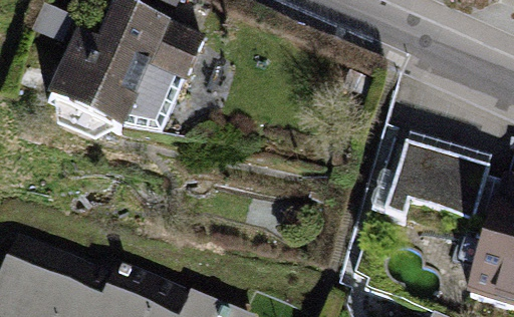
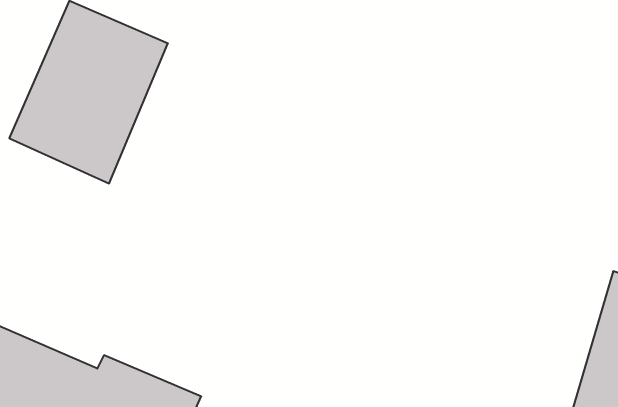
building: [398,133,492,203] -> none

